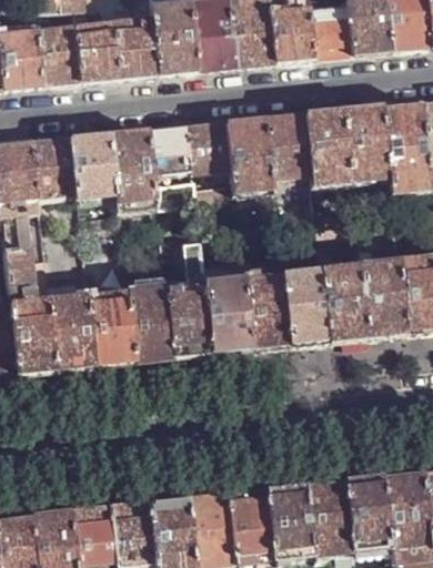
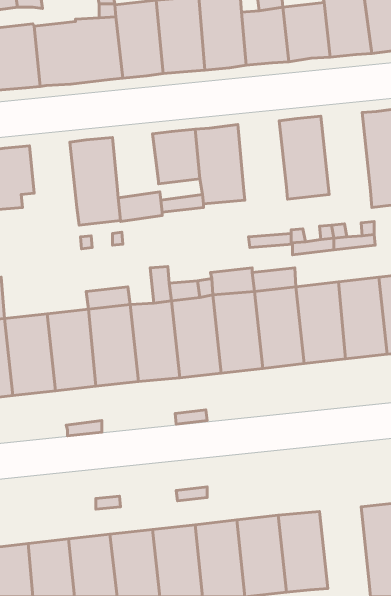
building: [344,106,391,183] -> none
building: [266,114,312,180] -> none
building: [149,126,192,175] -> none
building: [71,134,115,200] -> none
building: [343,476,390,552] -> none

